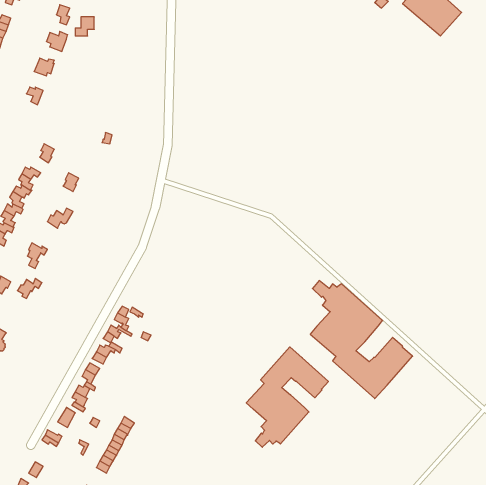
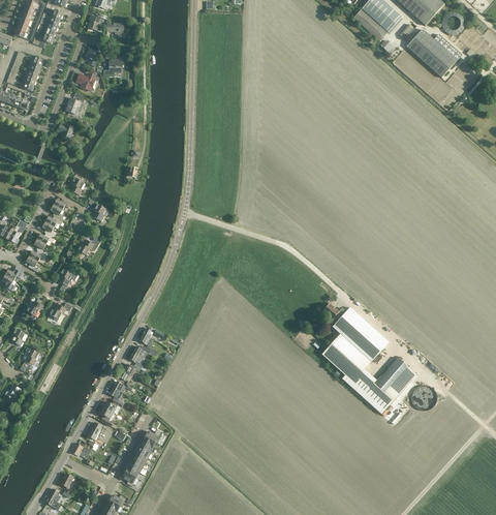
building: [246,347,328,447] -> none

